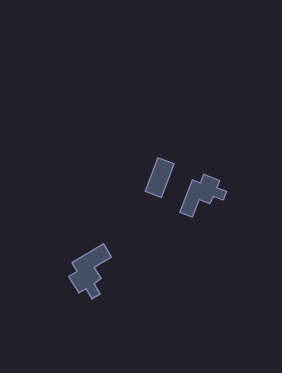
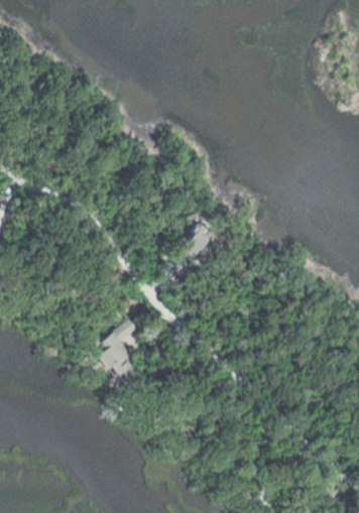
building: [180,174,227,217] -> none

